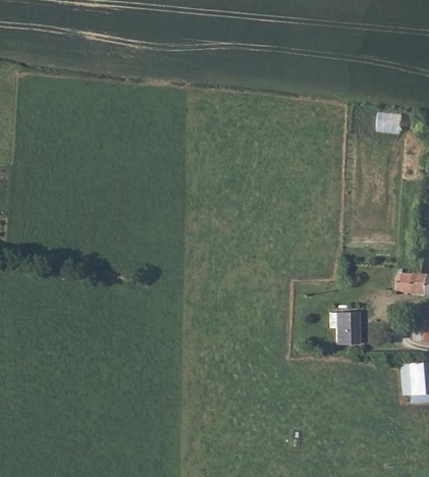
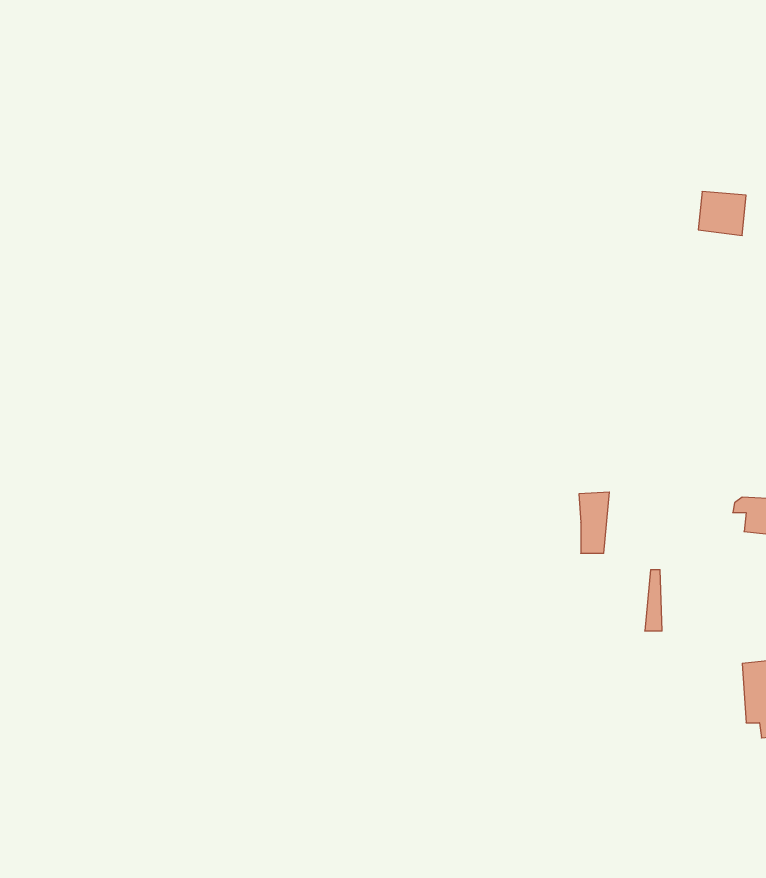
building: [336,312,353,344] -> [579,492,609,553]

